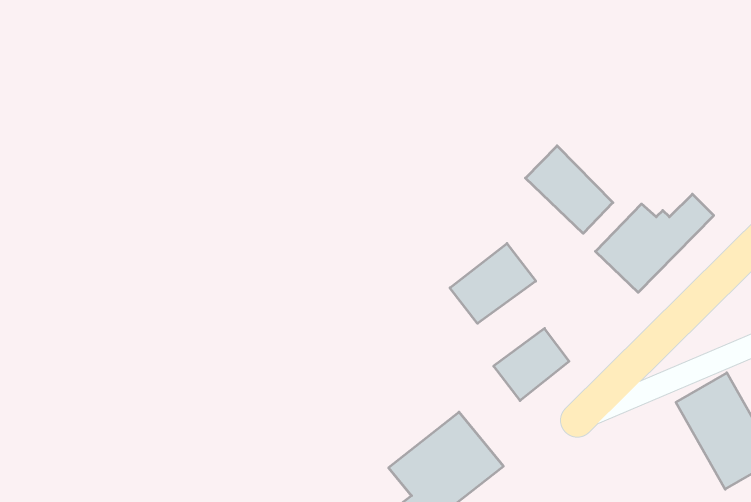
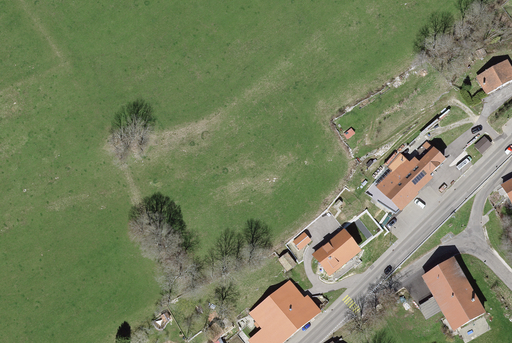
building: [525,146,613,233] -> none
building: [450,243,536,323] -> none

